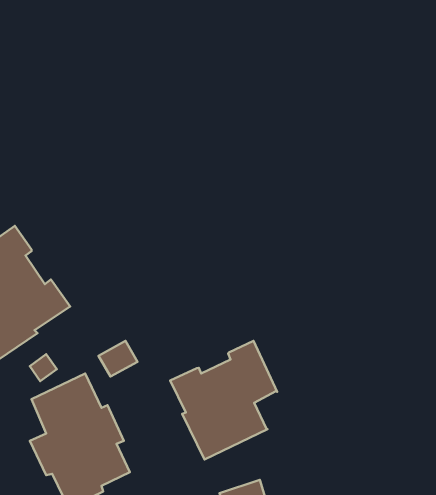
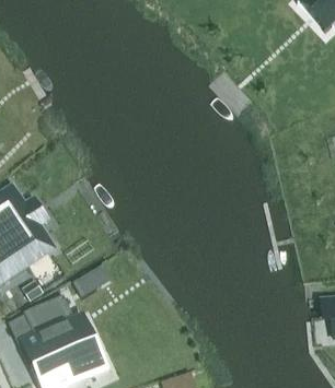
building: [170,341,277,460] -> none

